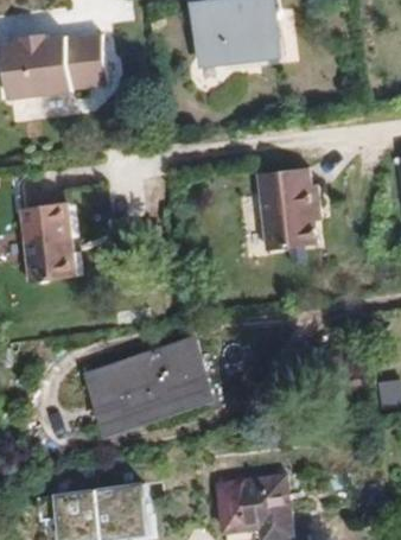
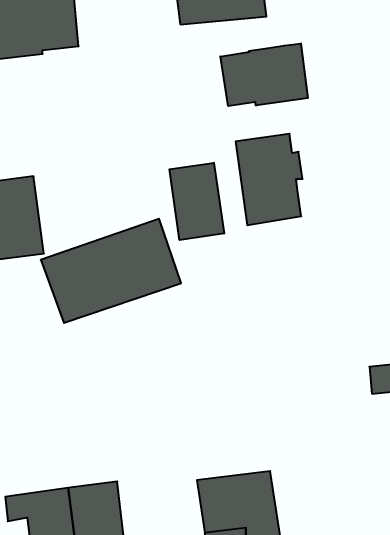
building: none -> [220,43,308,106]
building: none -> [169,163,224,240]
building: [87,339,216,436] -> [41,219,181,323]

